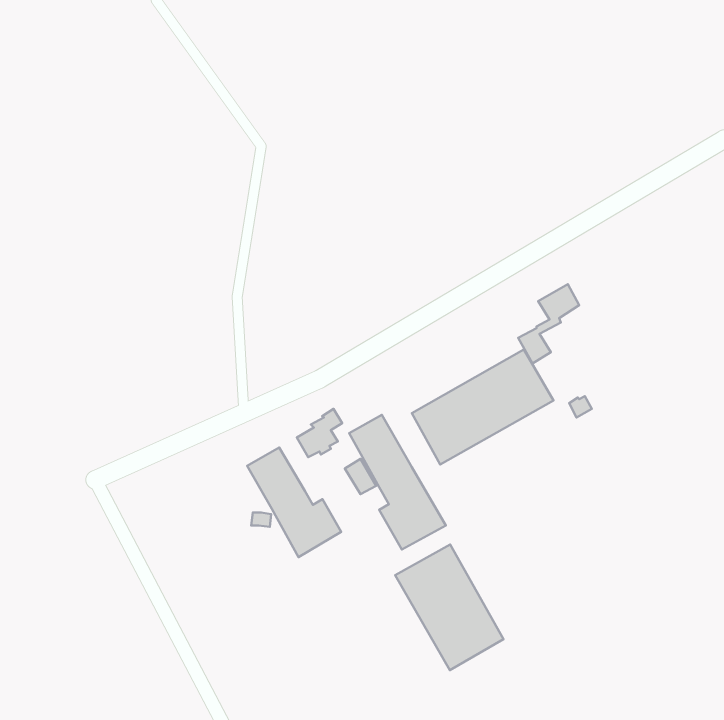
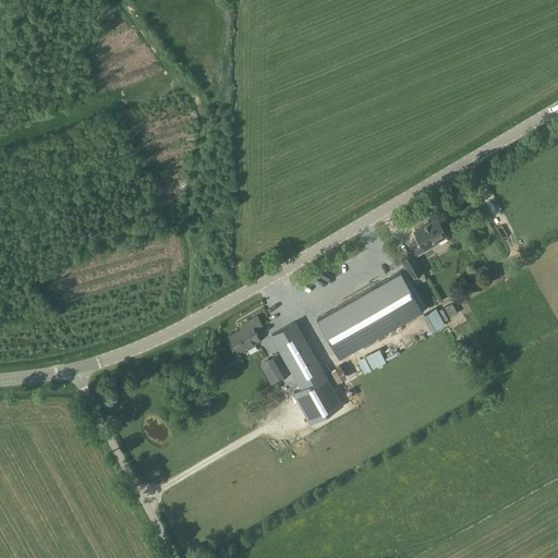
building: [247,447,341,557] -> none
building: [395,545,503,670] -> none

